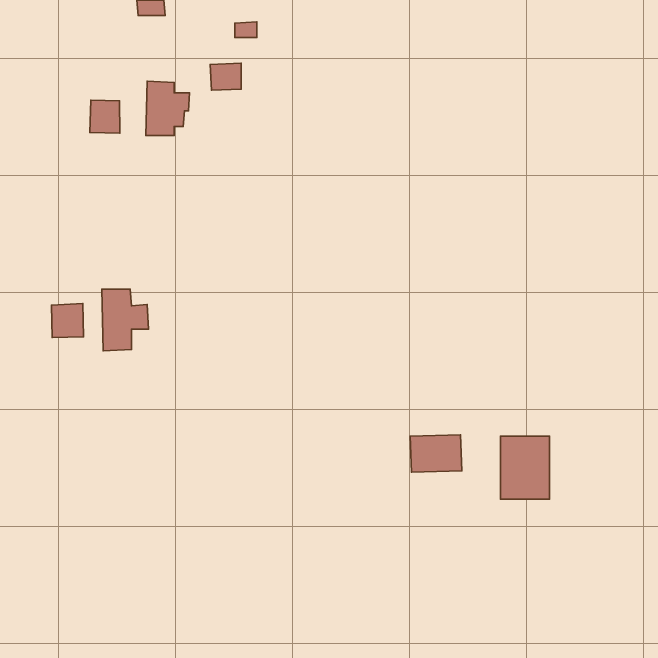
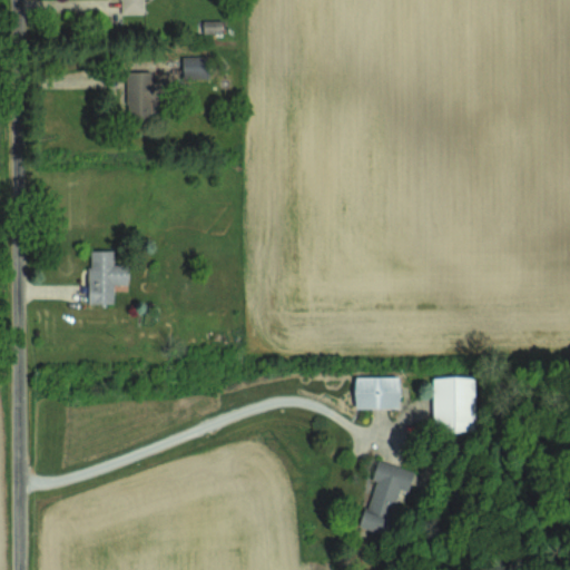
building: [90,100,120,133] -> none
building: [51,303,83,337] -> none
building: none -> [362,461,414,533]

